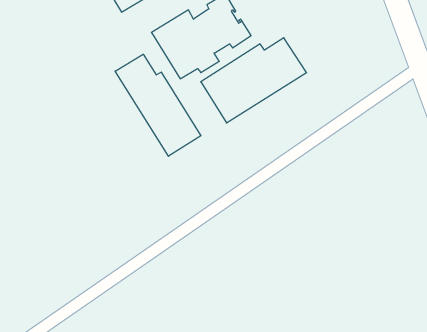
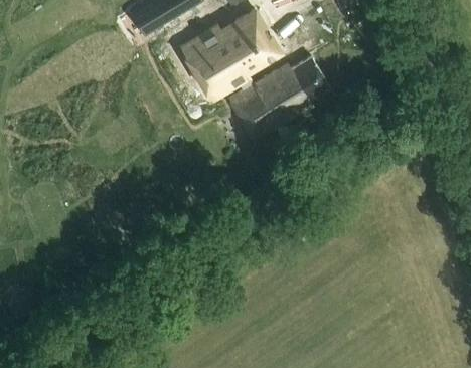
building: [115,54,201,156] -> none

